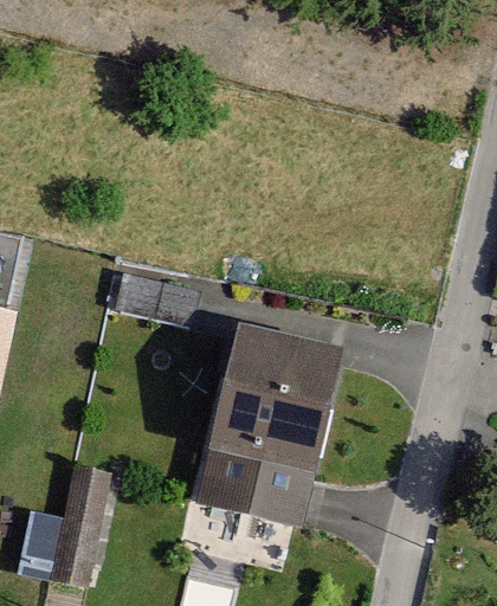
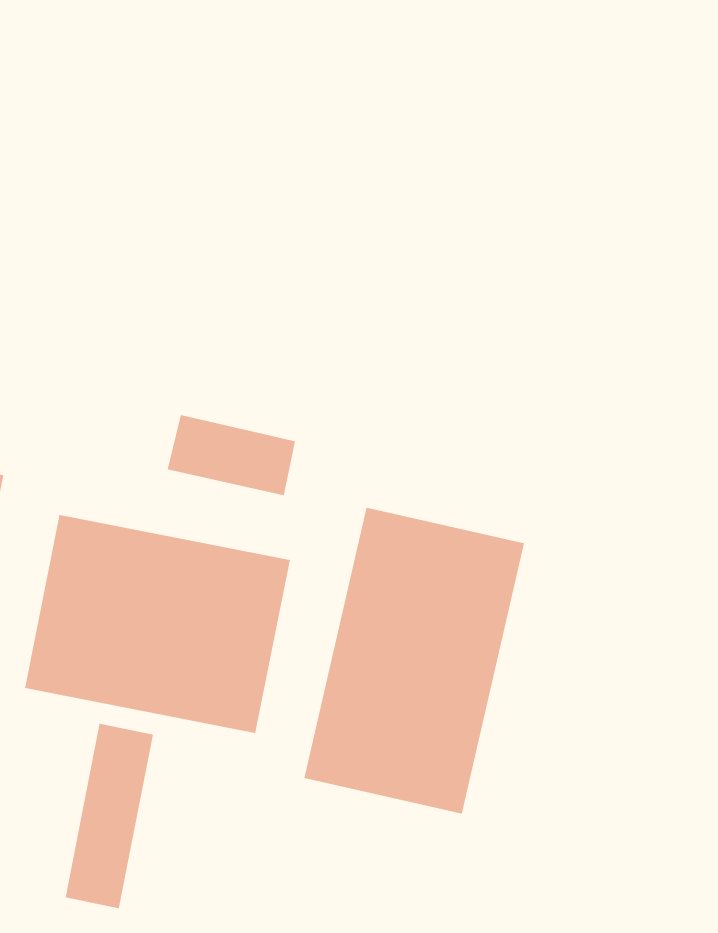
building: none -> [24,514,290,734]

